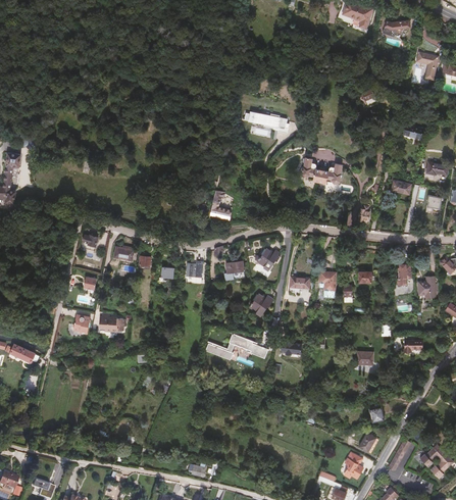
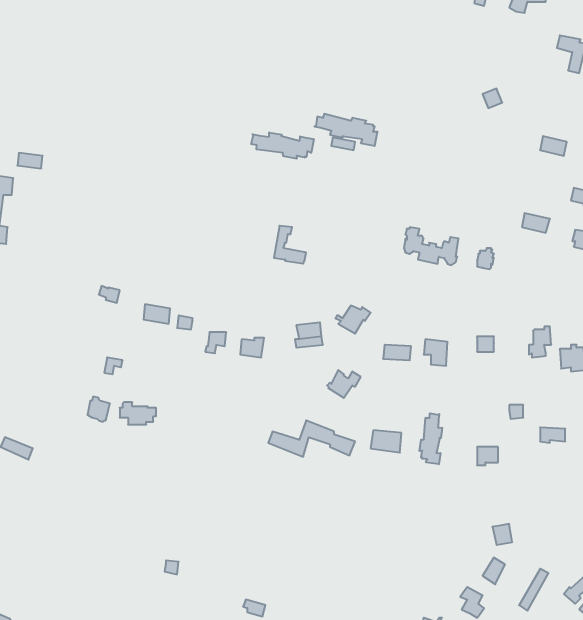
building: none -> [251,132,314,159]
building: [302,154,342,182] -> [404,227,459,265]
building: none -> [419,413,442,464]

